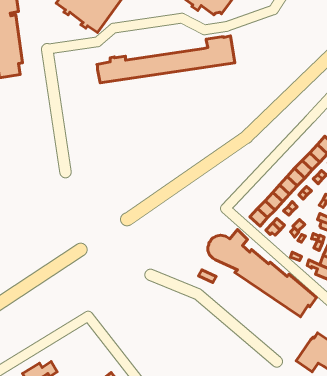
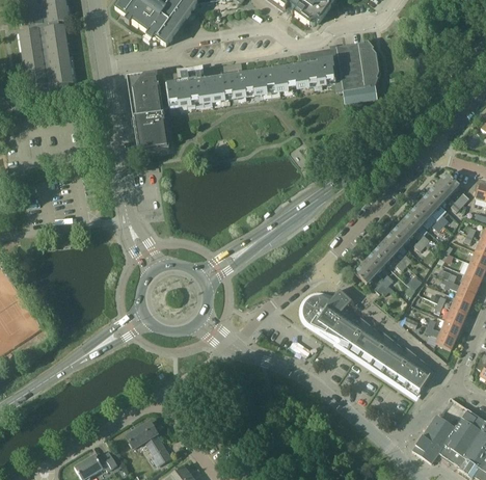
building: none -> [330,41,380,105]
building: none -> [127,72,169,152]
building: none -> [127,421,170,464]

